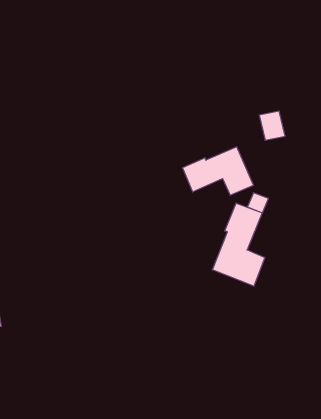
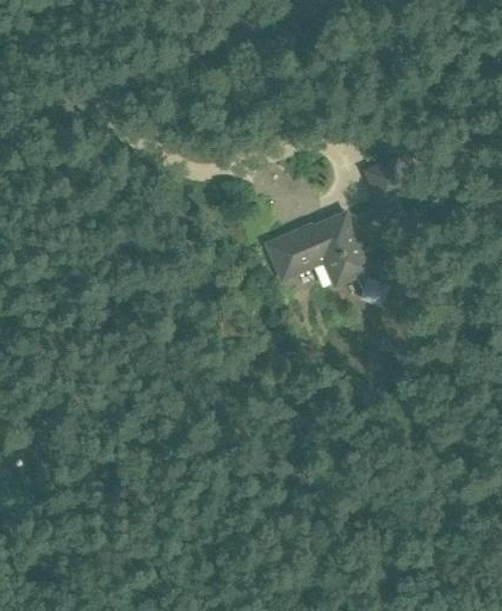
building: [212,203,265,286] -> none

